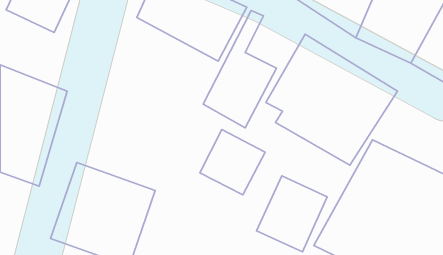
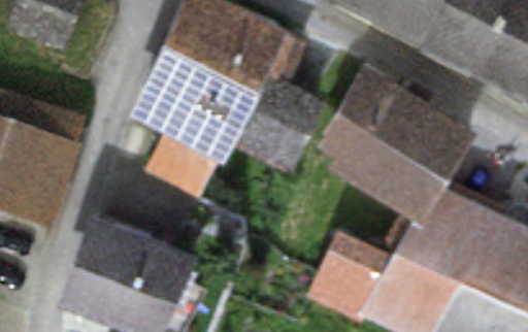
building: none -> [131,41,261,195]
building: [200,130,265,195] -> none

